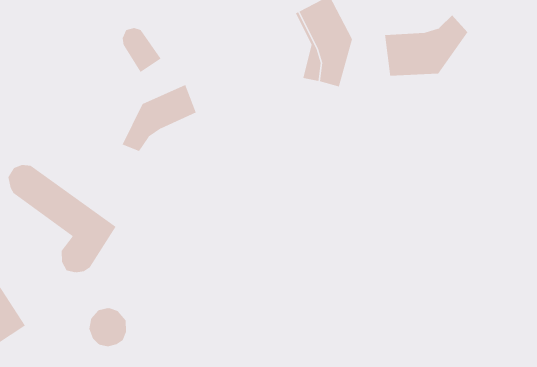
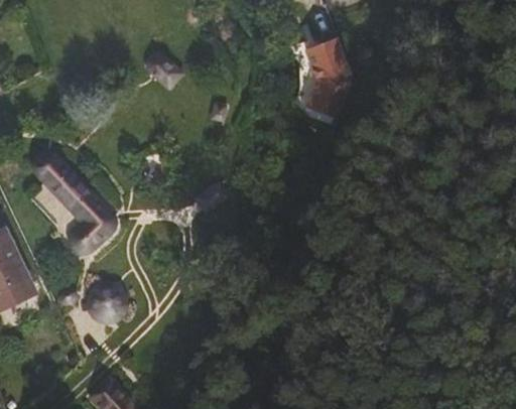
building: [385,15,468,77] -> none
building: [122,84,197,152] -> none

